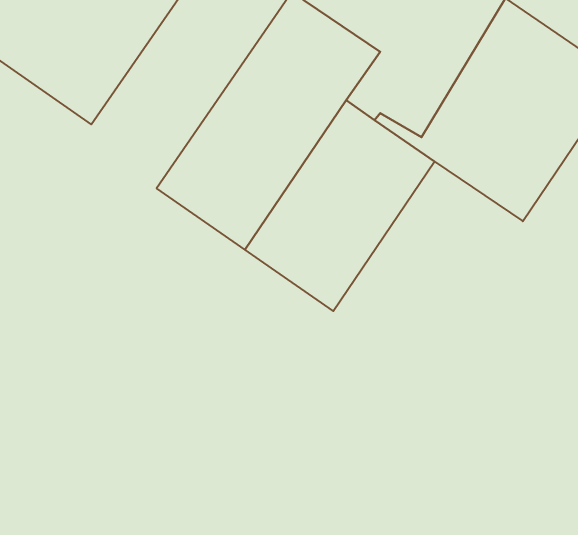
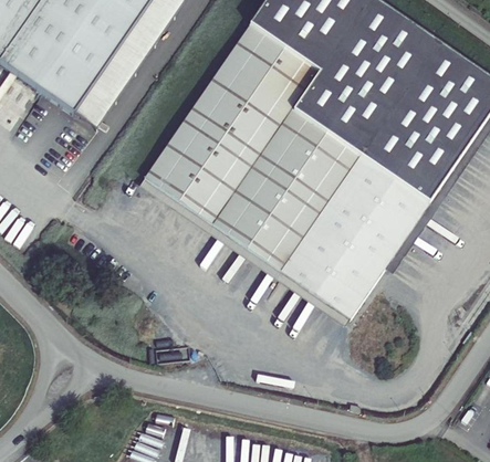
building: none -> [283,155,430,317]

